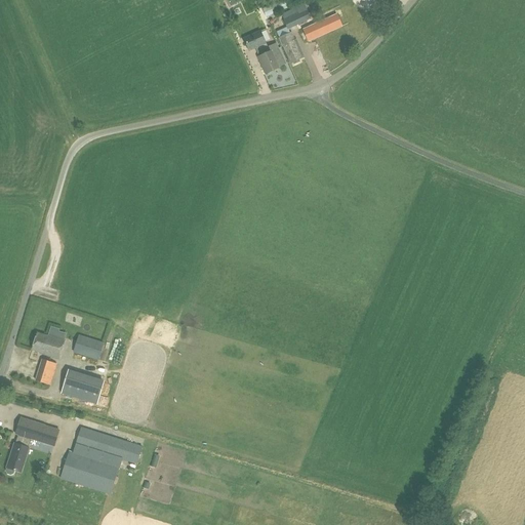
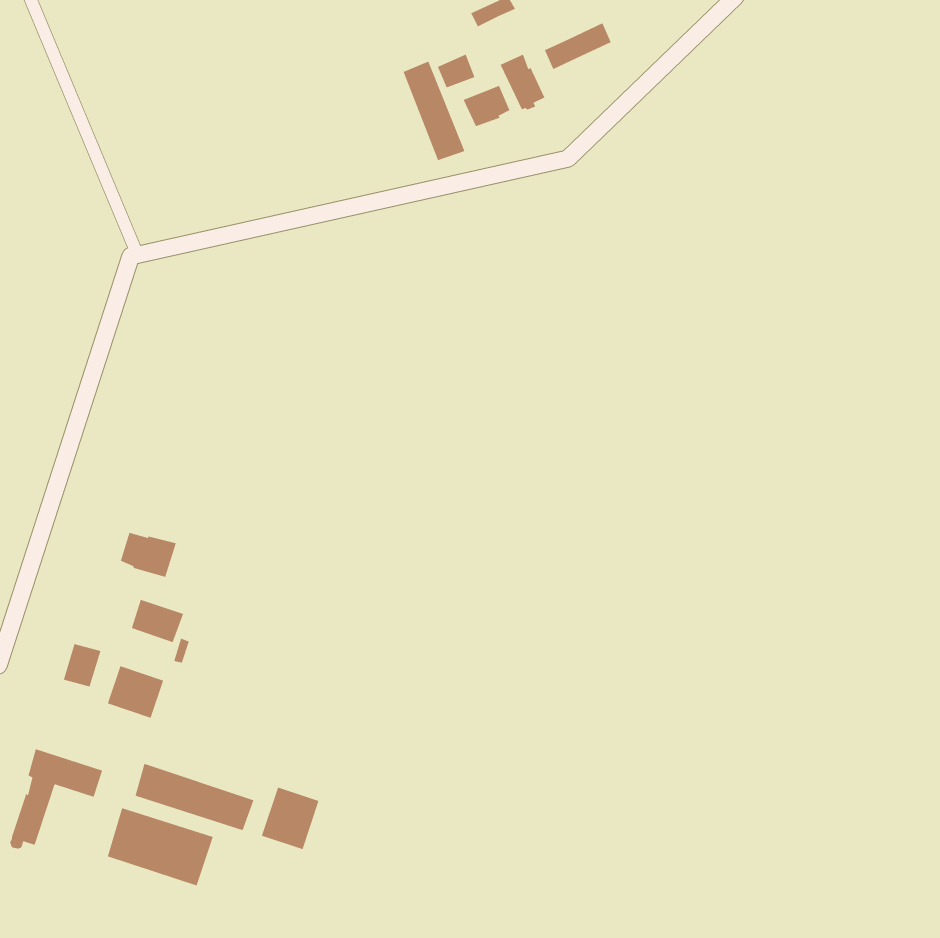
building: [280,5,310,28] -> none
building: none -> [403,60,465,161]
building: [32,331,64,357] -> [120,532,177,578]
building: none -> [261,787,320,850]

